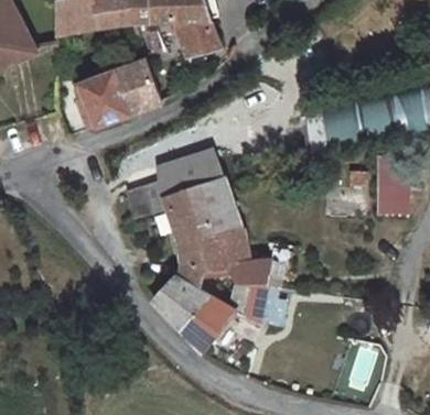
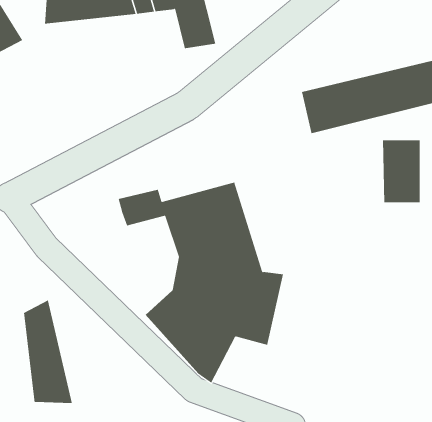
building: [74,63,166,134] -> none
building: [159,154,229,196] -> none
building: none -> [24,300,73,404]

